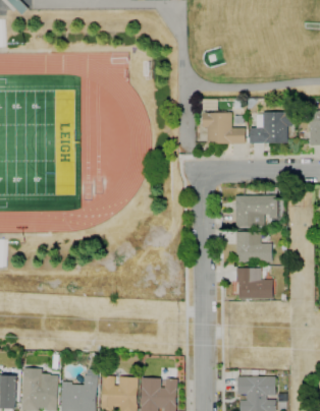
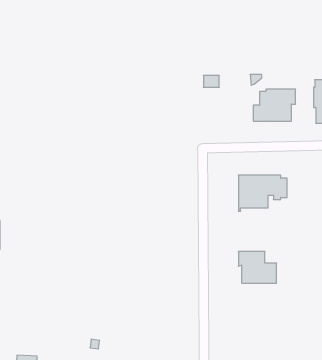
building: [202,113,245,144] -> none
building: [235,232,272,263] -> none

